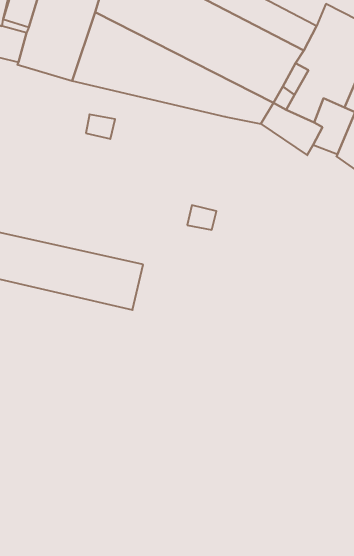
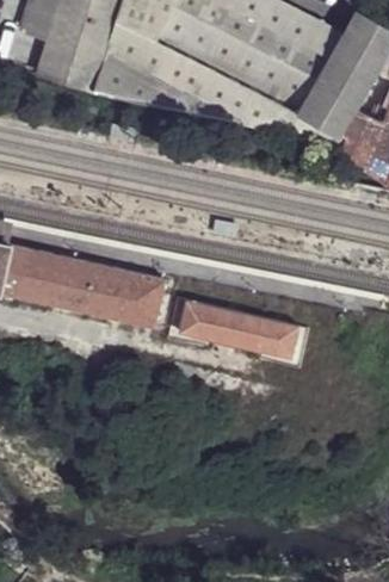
building: none -> [175,299,295,355]

